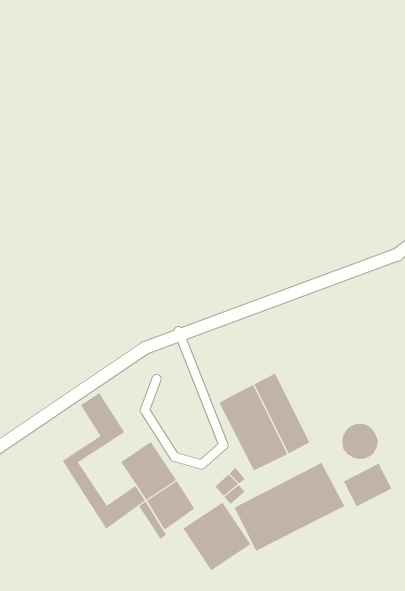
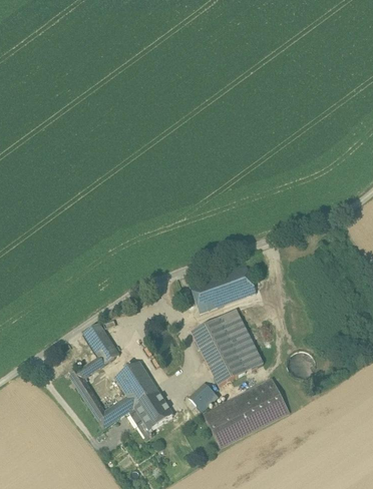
building: none -> [189,263,255,312]
building: [343,463,392,507] -> none
building: [183,502,251,571] -> none

